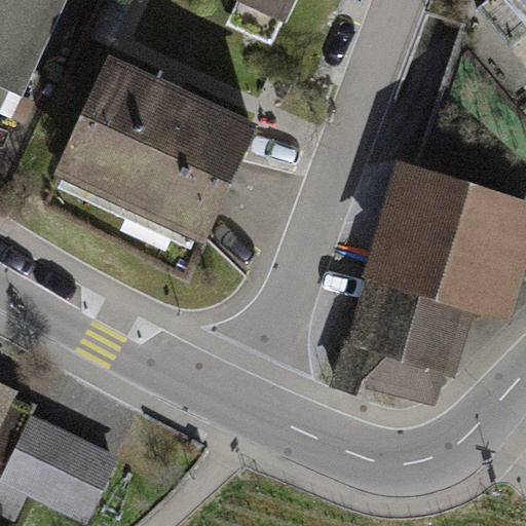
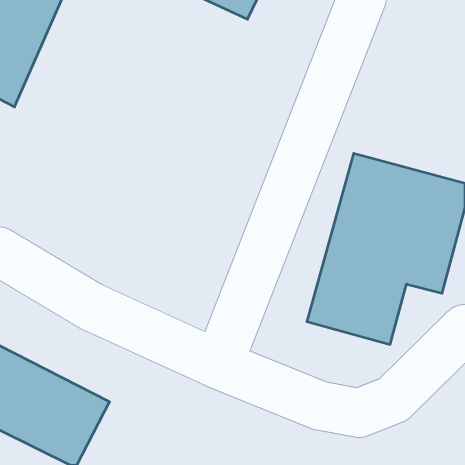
building: [59,64,241,231] -> none

